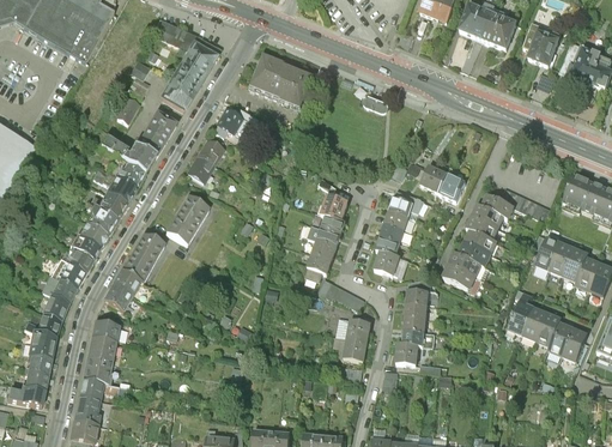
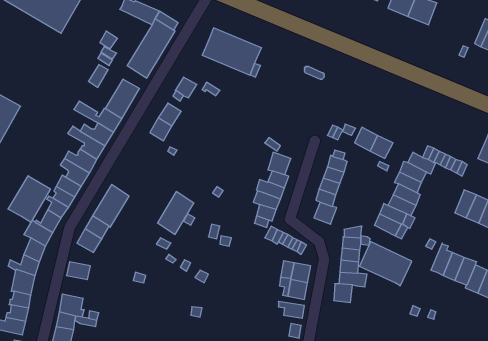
building: [528,28,561,64] -> none
building: [165,194,207,243] -> [157,192,194,234]
building: none -> [8,176,50,222]
building: none -> [359,242,411,286]
building: [86,334,115,361] -> none

